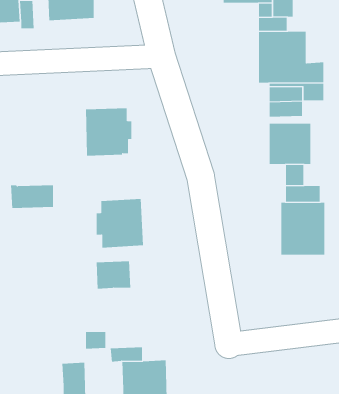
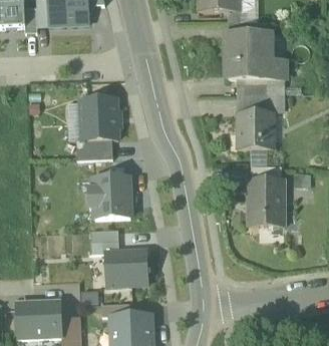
building: none -> [237,93,284,112]
building: [10,185,54,208] -> [75,139,112,159]
building: none -> [104,252,147,285]
building: none -> [17,302,61,338]

